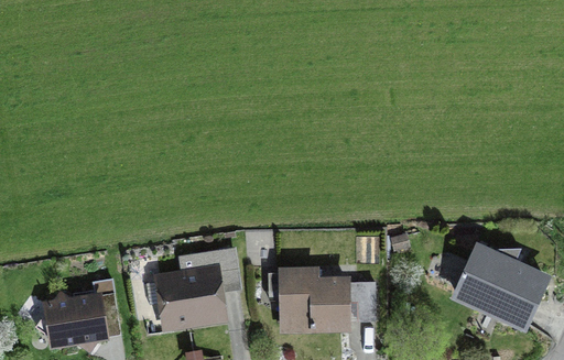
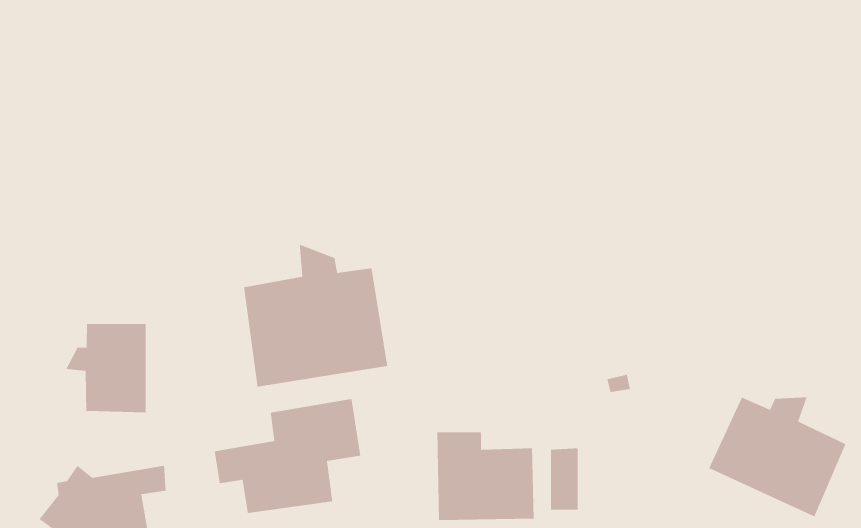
building: none -> [243,243,388,387]
building: none -> [65,323,146,413]

